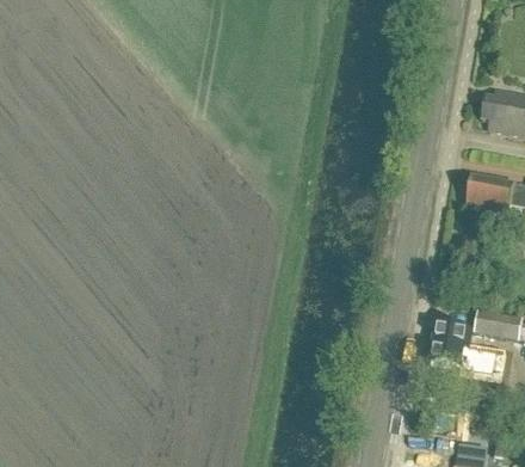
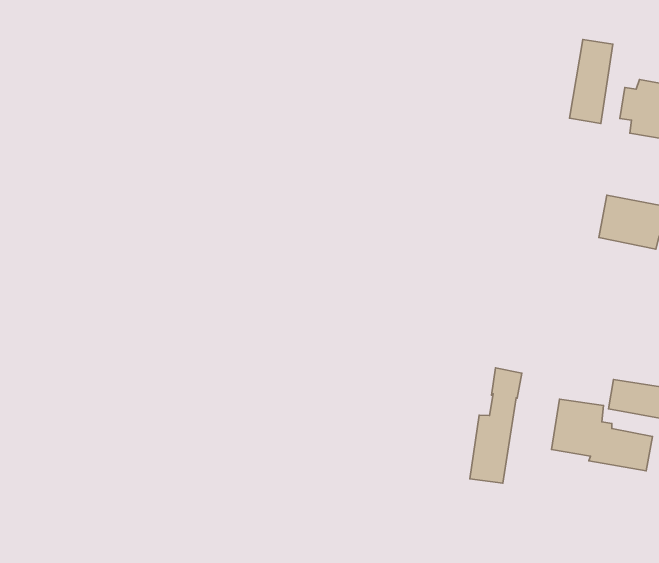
building: none -> [569,39,613,124]
building: none -> [470,368,522,483]

